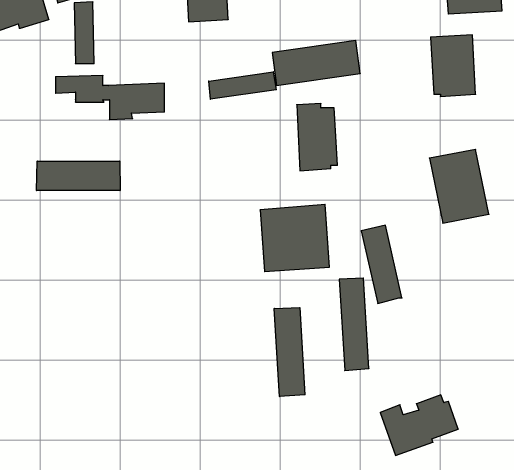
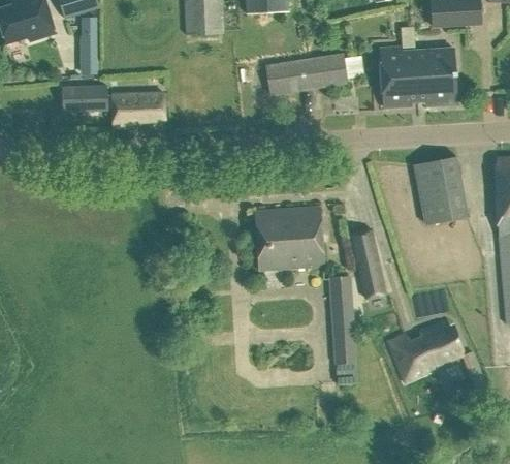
building: [209,72,276,99] -> none
building: [297,104,337,171] -> [380,45,418,109]
building: [37,161,120,191] -> none
building: [274,308,305,397] -> none
building: [380,395,458,455] -> [384,320,457,377]

